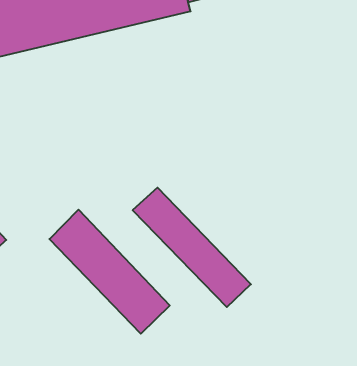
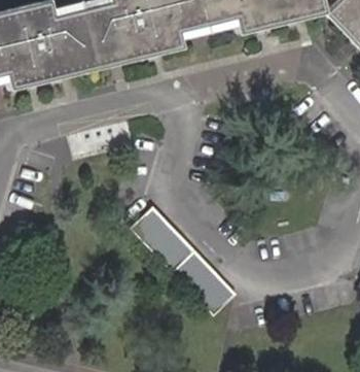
building: [49,210,170,334] -> none

